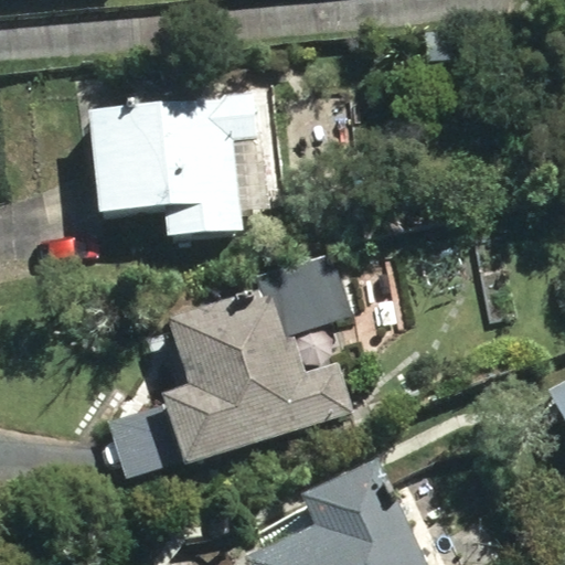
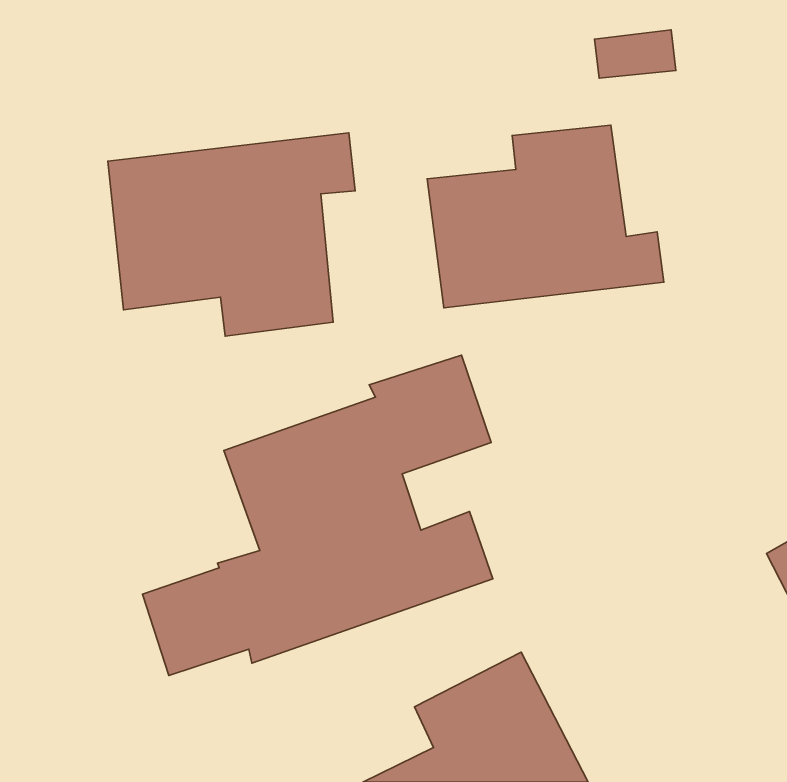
building: none -> [427,125,664,308]

